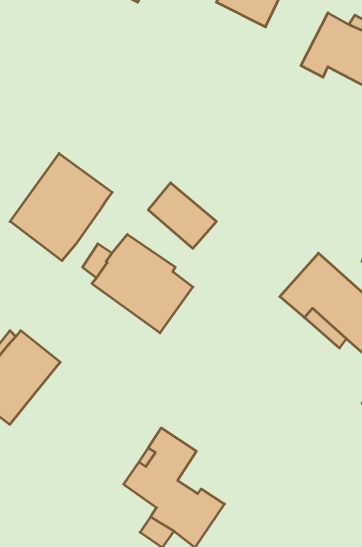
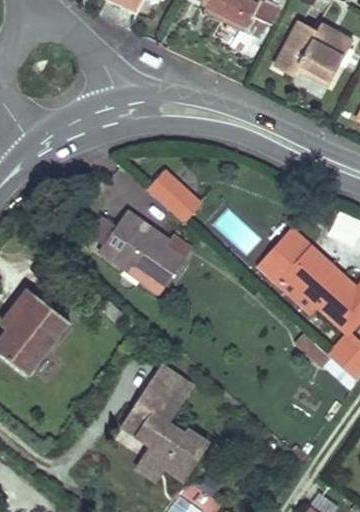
building: [10,153,112,261] -> none

